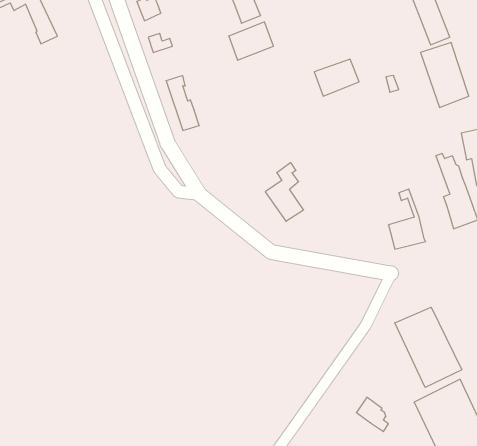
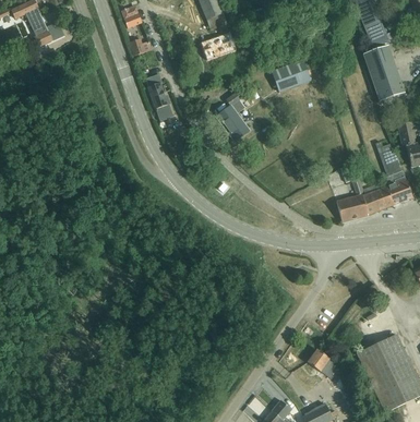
building: [265,163,304,221] -> [216,91,249,141]
building: none -> [353,170,392,214]
building: [395,307,462,387] -> none

